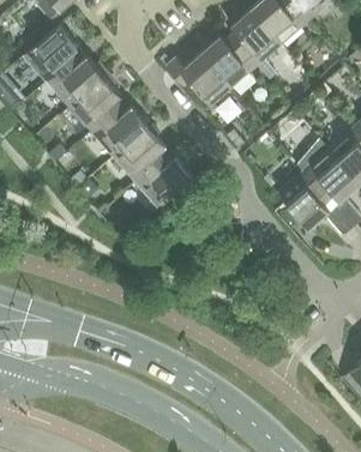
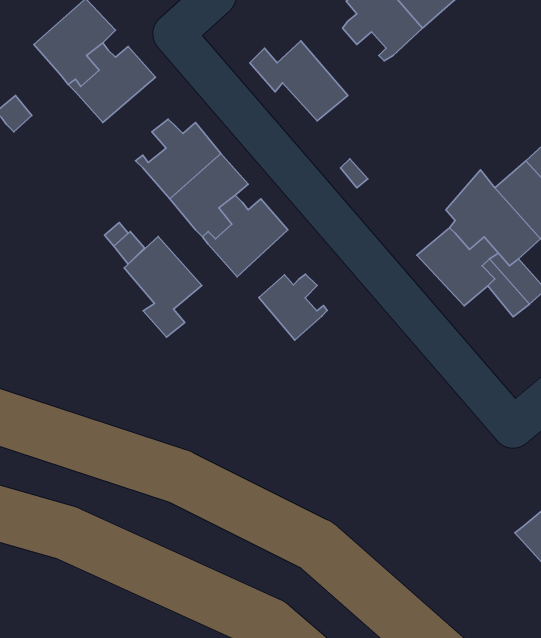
building: [200,36,257,90] -> none
building: [70,78,121,134] -> none
building: none -> [124,236,202,337]
building: none -> [259,274,327,340]

